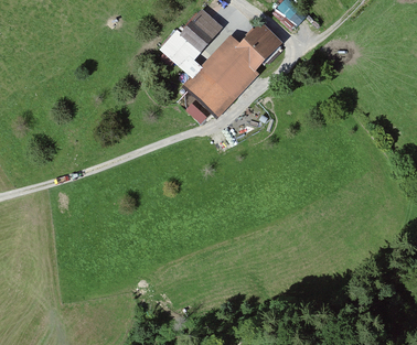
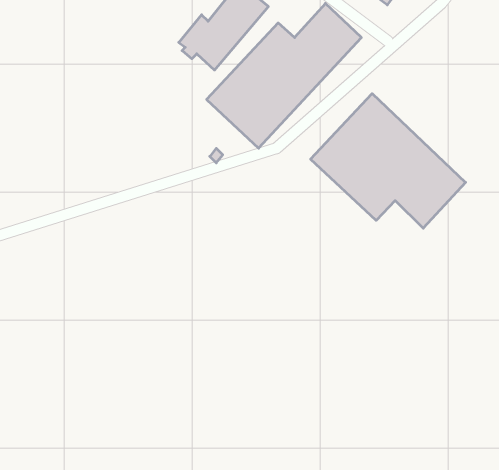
building: none -> [311,94,466,228]

